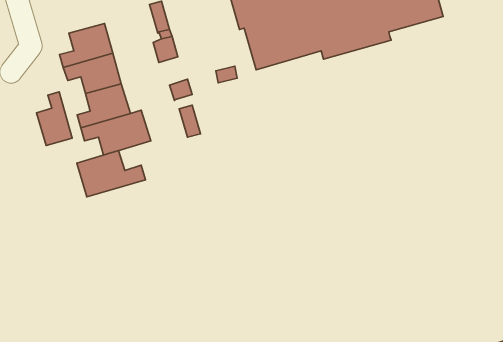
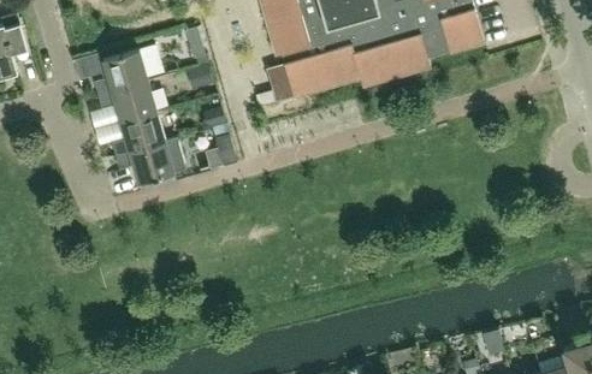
building: [36,92,72,145] -> none
building: [77,150,146,197] -> none

